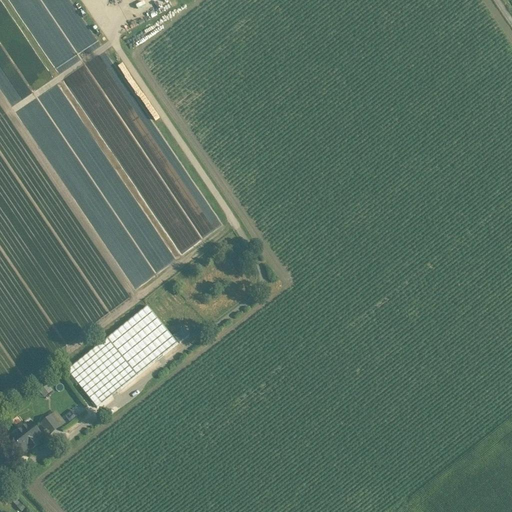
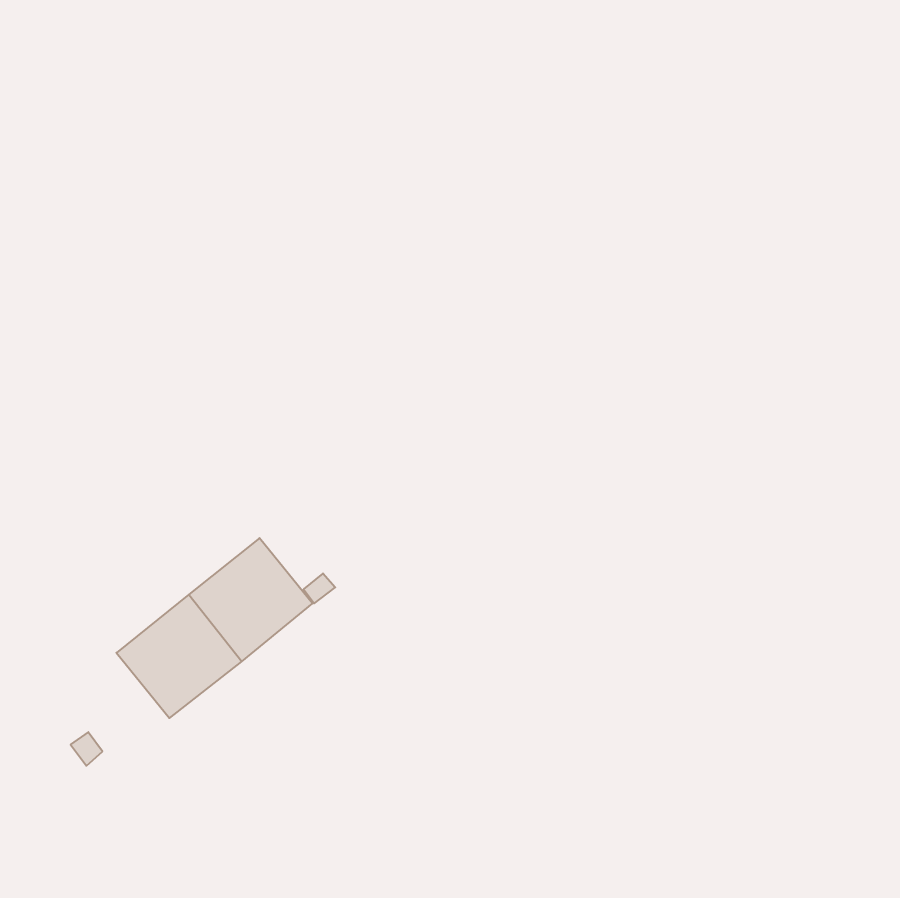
building: [12,421,41,450] -> none

